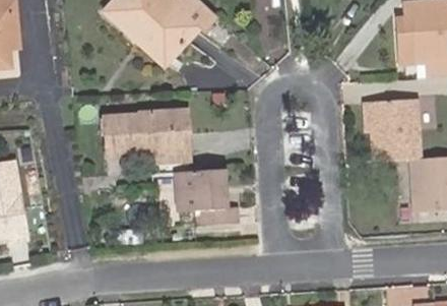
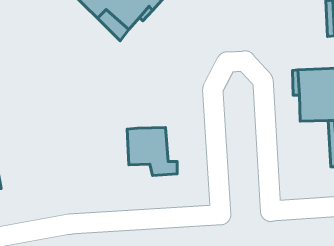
building: [105,108,187,170] -> none

